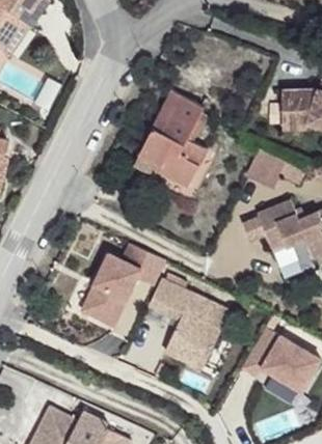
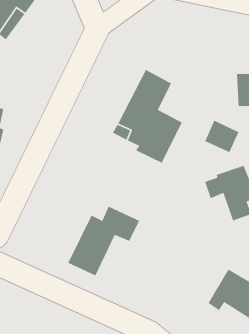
building: [151,277,227,370] -> none

